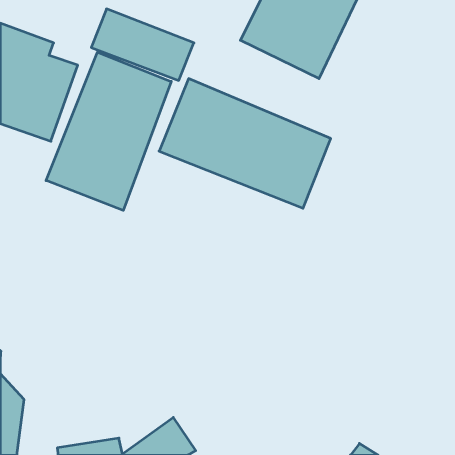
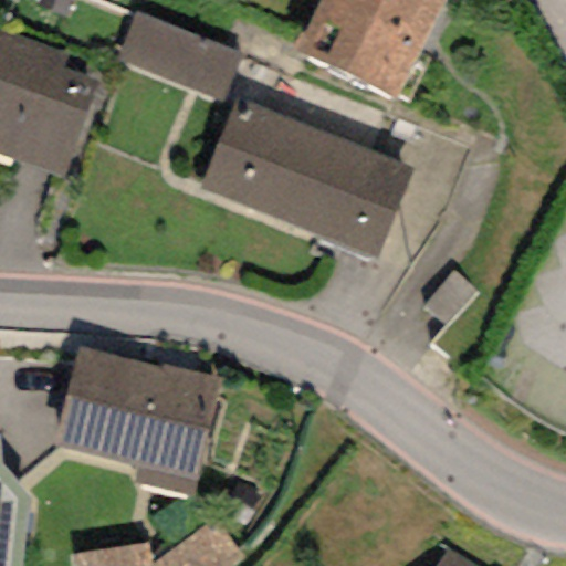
building: [46,52,171,210] -> none
building: none -> [55,347,221,495]

